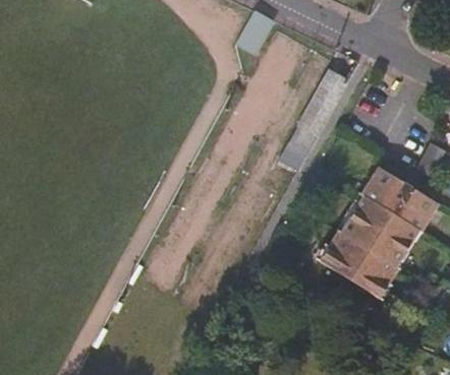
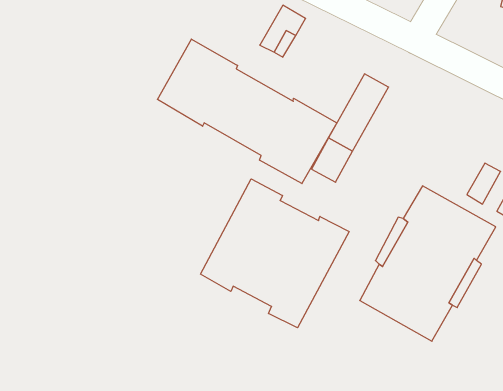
building: none -> [157,39,337,184]
building: none -> [201,179,349,328]

